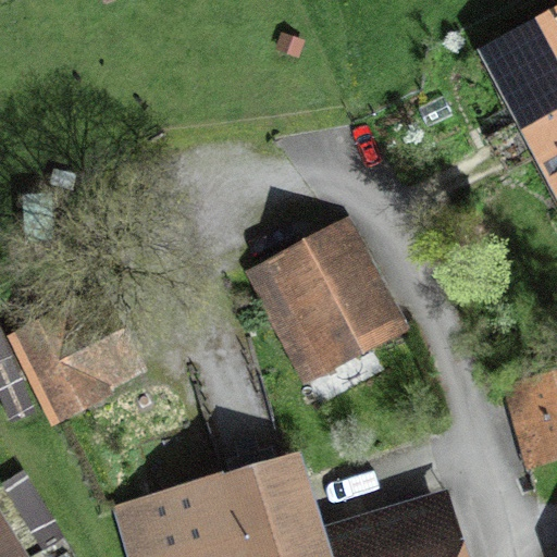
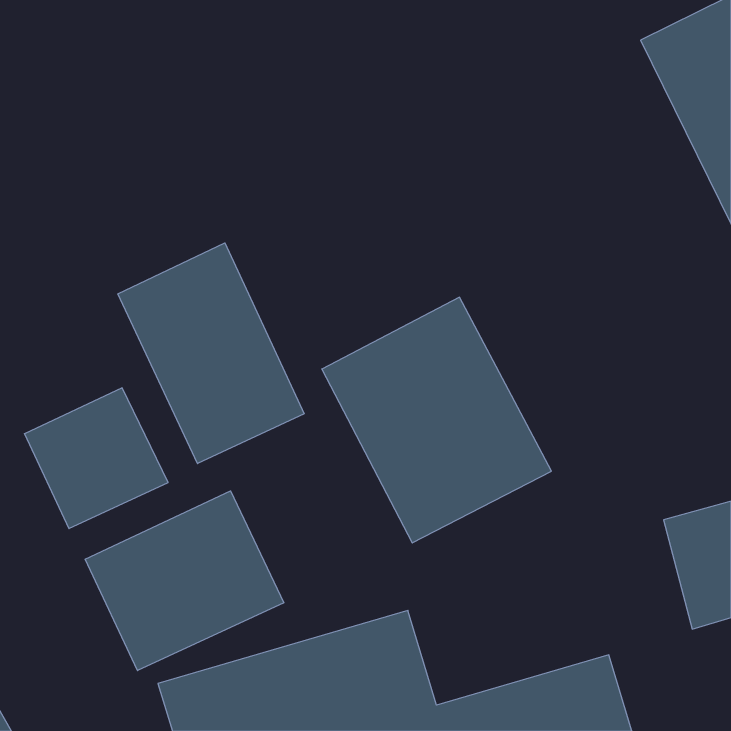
building: none -> [118,243,304,464]
building: none -> [85,491,284,671]

